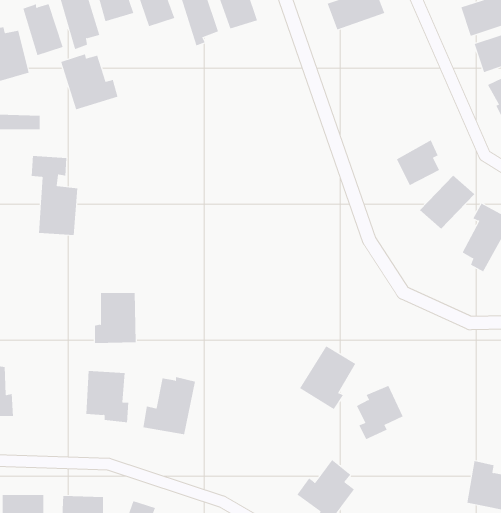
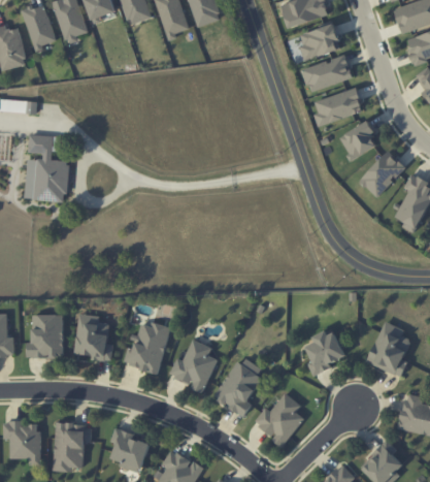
building: none -> [300,24,340,59]
building: [61,54,118,110] -> none
building: none -> [302,55,353,92]
building: none -> [315,88,364,127]
building: [94,293,137,344] -> [27,315,63,358]
building: [299,345,356,410] -> [213,361,262,416]
building: none -> [367,321,411,377]
building: none -> [169,339,218,392]

